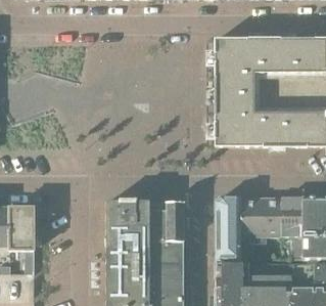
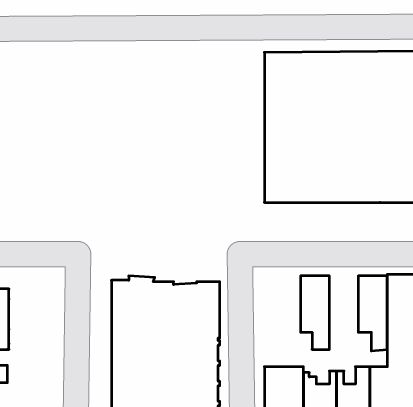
building: [215,195,240,257] -> none
building: [261,196,281,250] -> none

